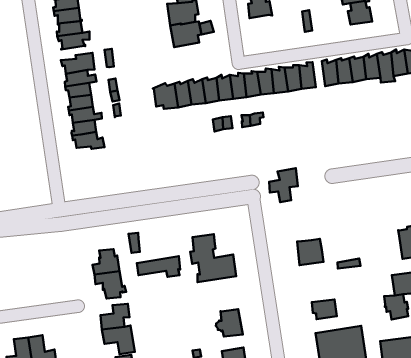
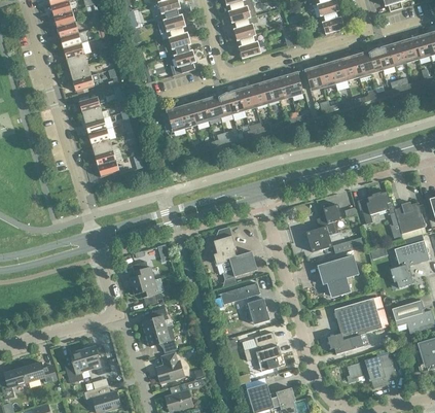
building: none -> [239,35,263,58]
building: [269,168,298,202] -> [317,203,342,235]
building: none -> [362,191,395,223]
building: [137,256,180,277] -> [220,282,259,304]
building: none -> [320,254,359,284]

